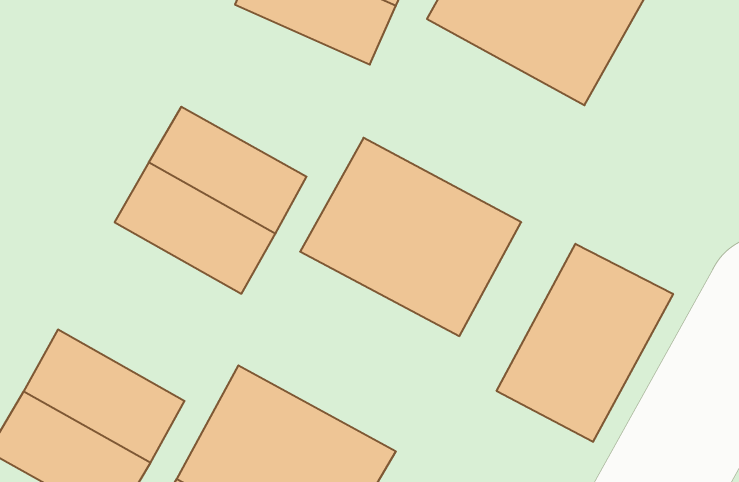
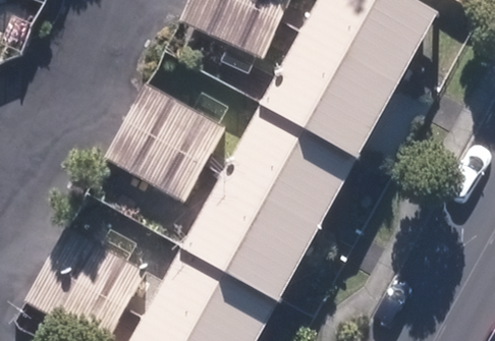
building: none -> [259,30,397,157]
building: [497,244,673,442] -> none
building: none -> [180,175,319,300]

